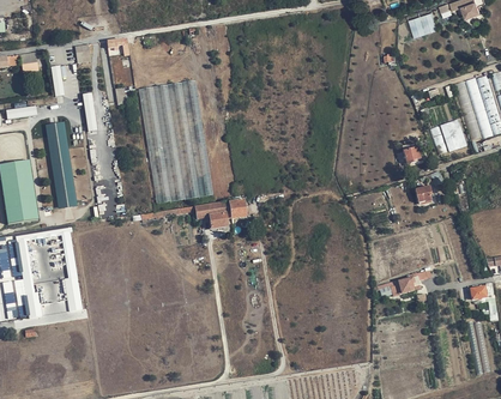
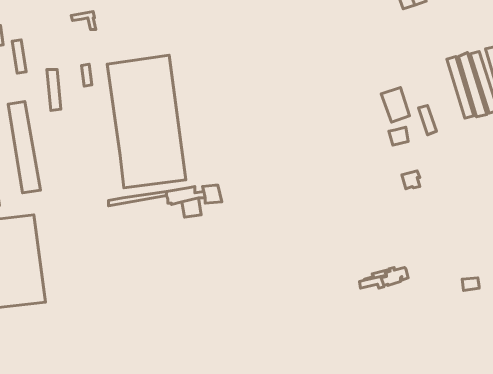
building: [440,119,466,151] -> [381,88,409,122]

